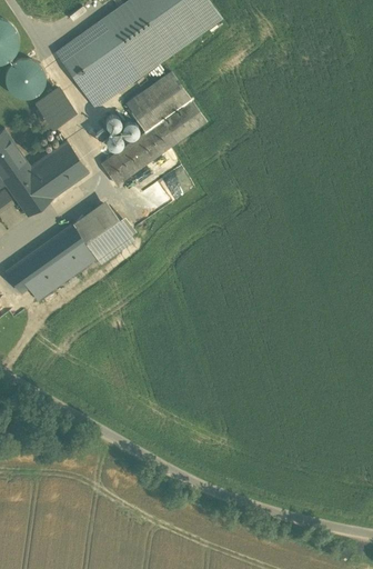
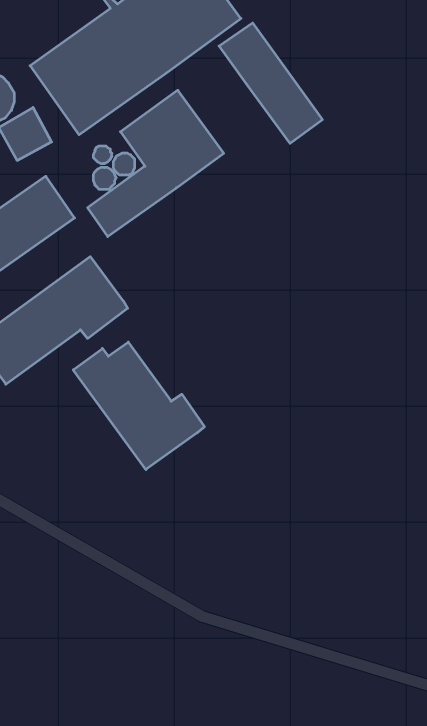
building: none -> [219,23,322,143]
building: none -> [73,342,204,470]

